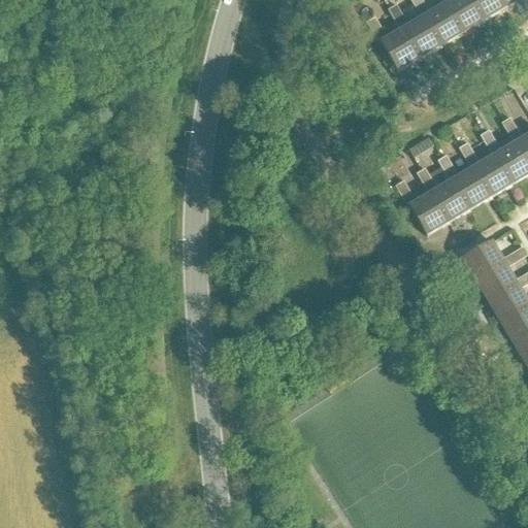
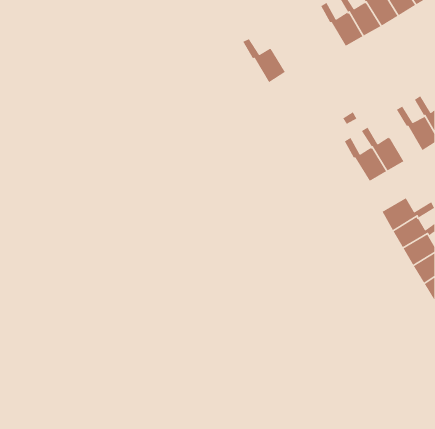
building: [366,15,419,70] -> [242,38,286,83]
building: [459,141,512,196] -> none
building: [395,178,448,234] -> none

